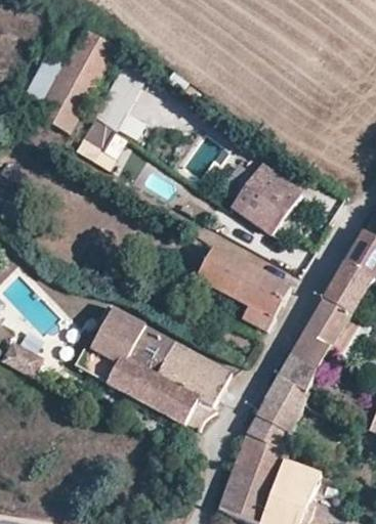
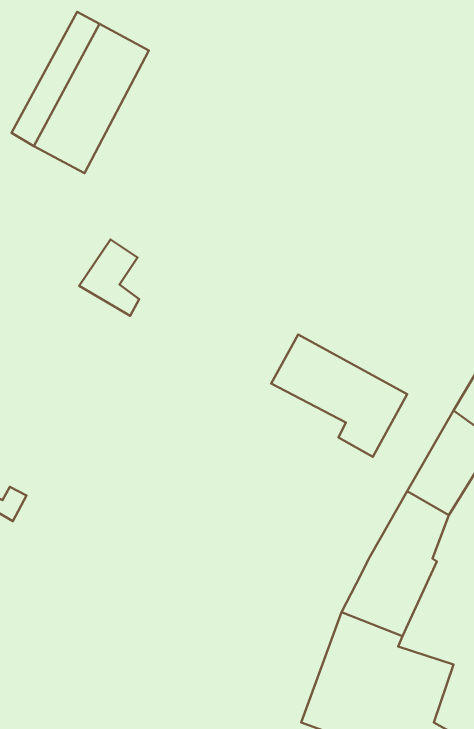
building: [74,117,115,169] -> [79,240,139,316]
building: [234,167,301,234] -> none
building: [79,305,232,422] -> none

